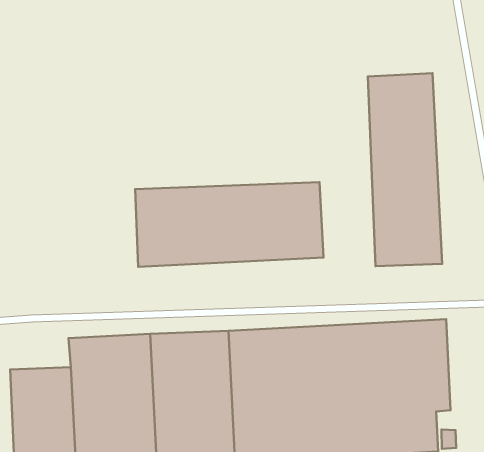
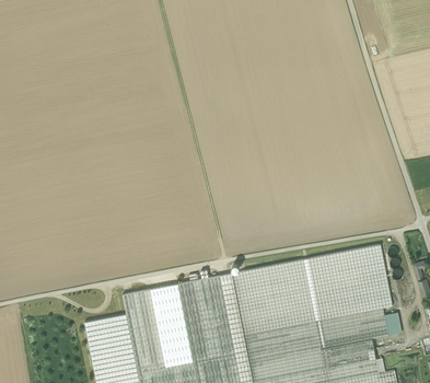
building: [368,73,442,266] -> none
building: [135,182,324,267] -> none

